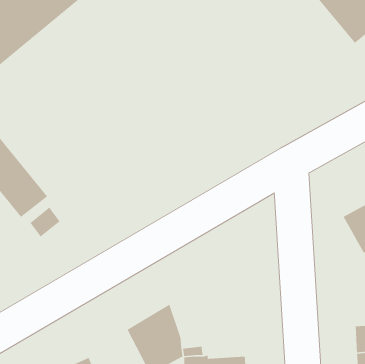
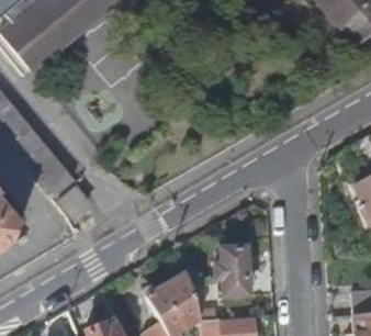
building: none -> [214,248,250,294]

